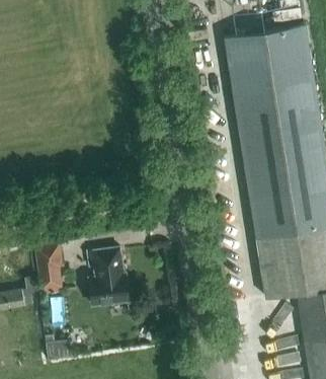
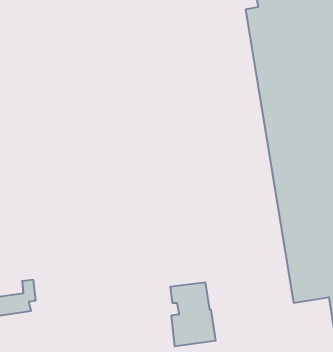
building: [33,240,61,294] -> none
building: [88,248,129,305] -> [170,282,216,346]

